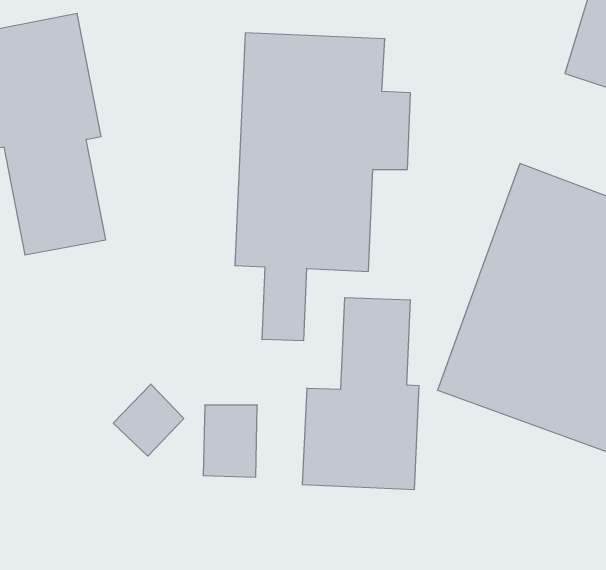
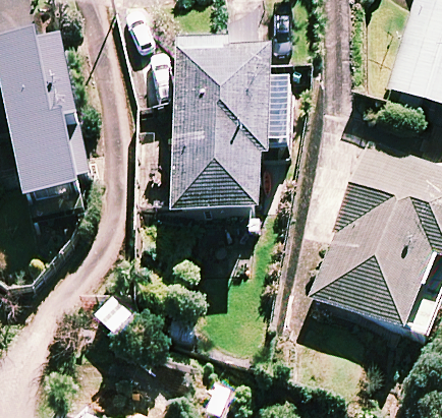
building: [303,298,419,490] -> none

